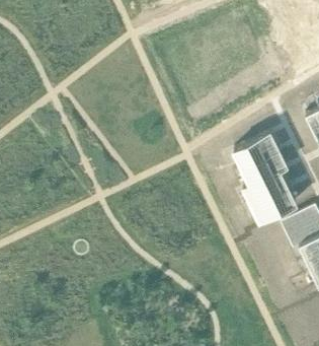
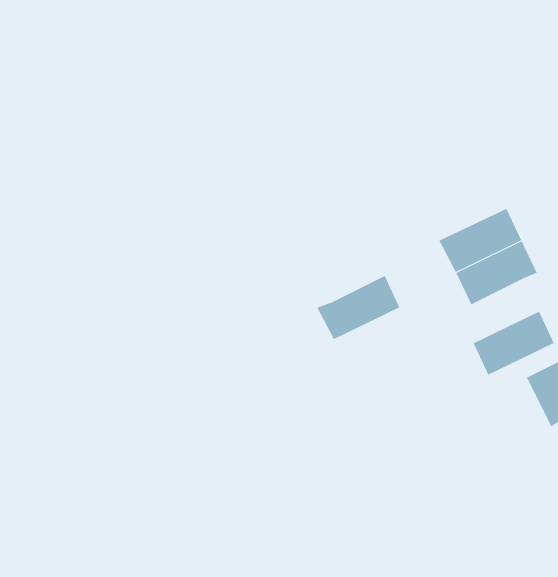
building: [243,171,288,206] -> [317,275,400,340]

